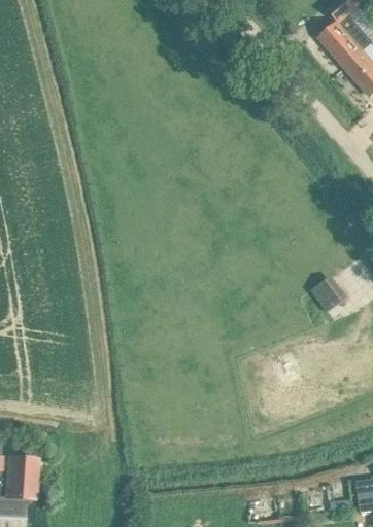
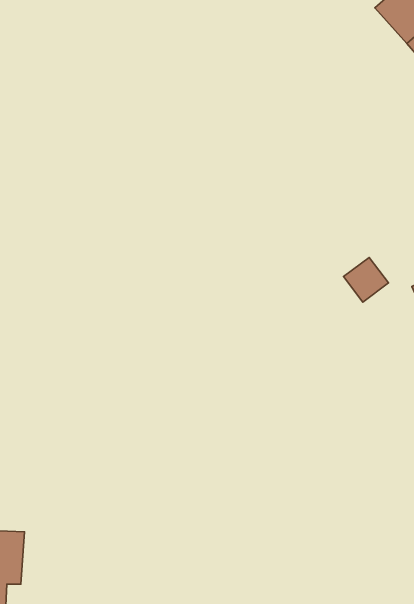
building: [311,276,347,312] -> [344,257,388,302]

